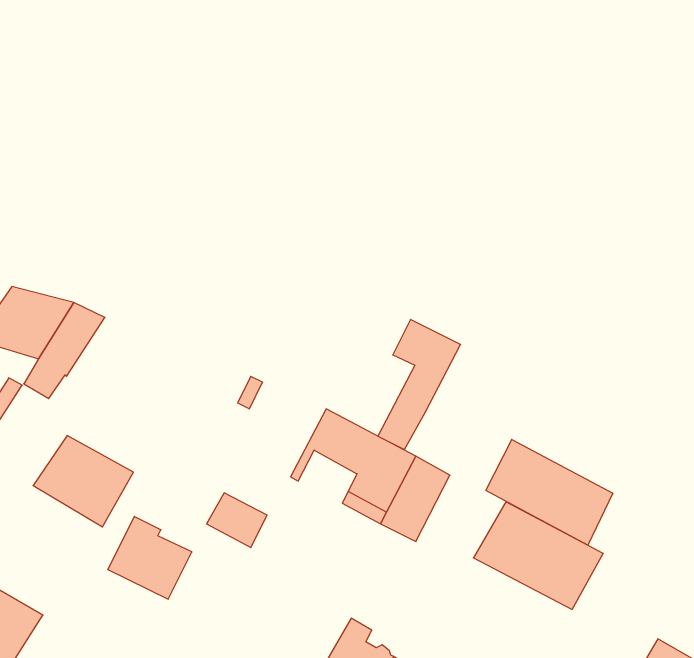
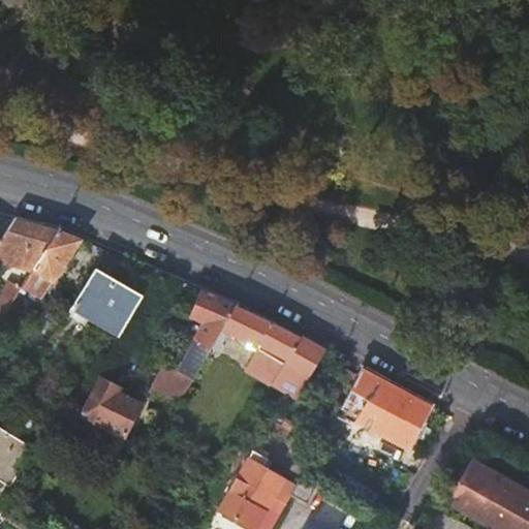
building: [378,320,461,449] -> [177,286,235,377]
building: [33,435,133,527] -> [70,272,141,336]
building: [486,439,613,545] -> none

